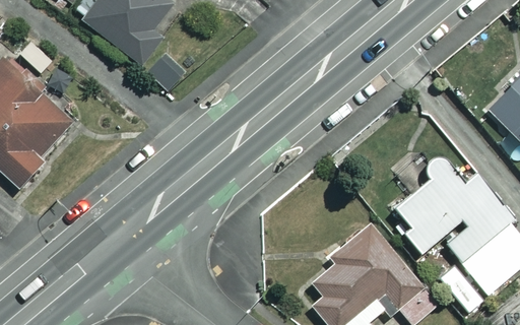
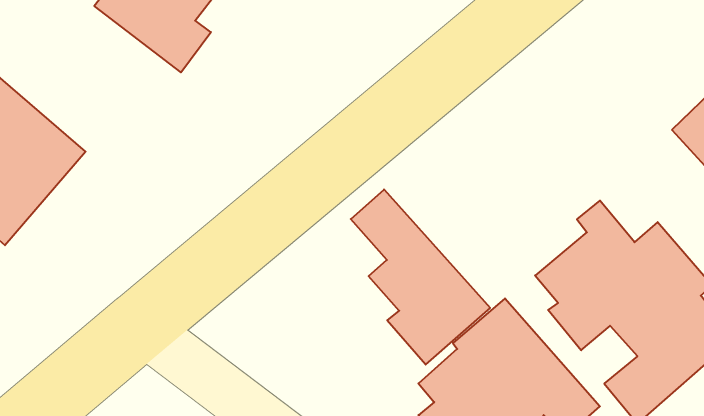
building: none -> [351,189,490,365]

